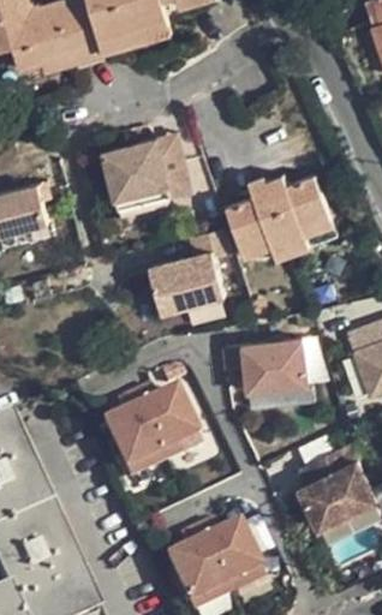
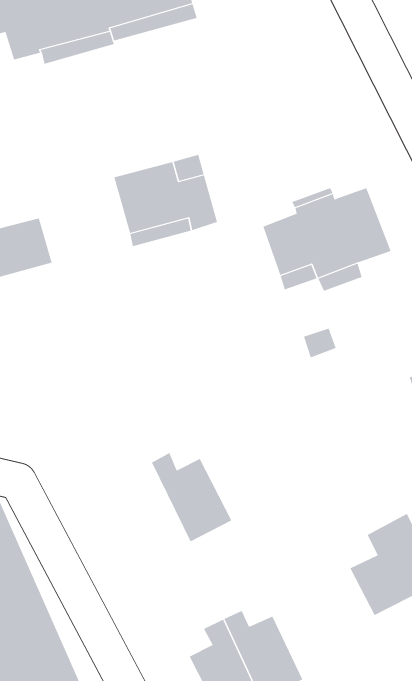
building: [147,226,231,311] -> none
building: [226,344,309,396] -> none
building: [105,401,165,484] -> none

